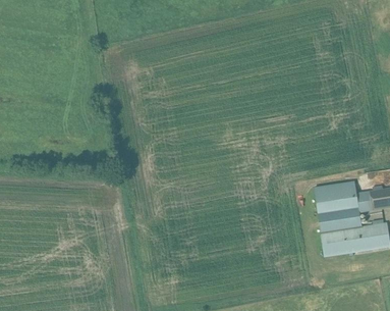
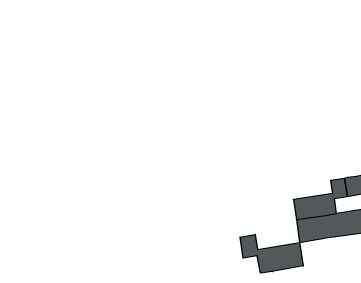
building: [314,180,357,212] -> none
building: none -> [240,234,303,273]

